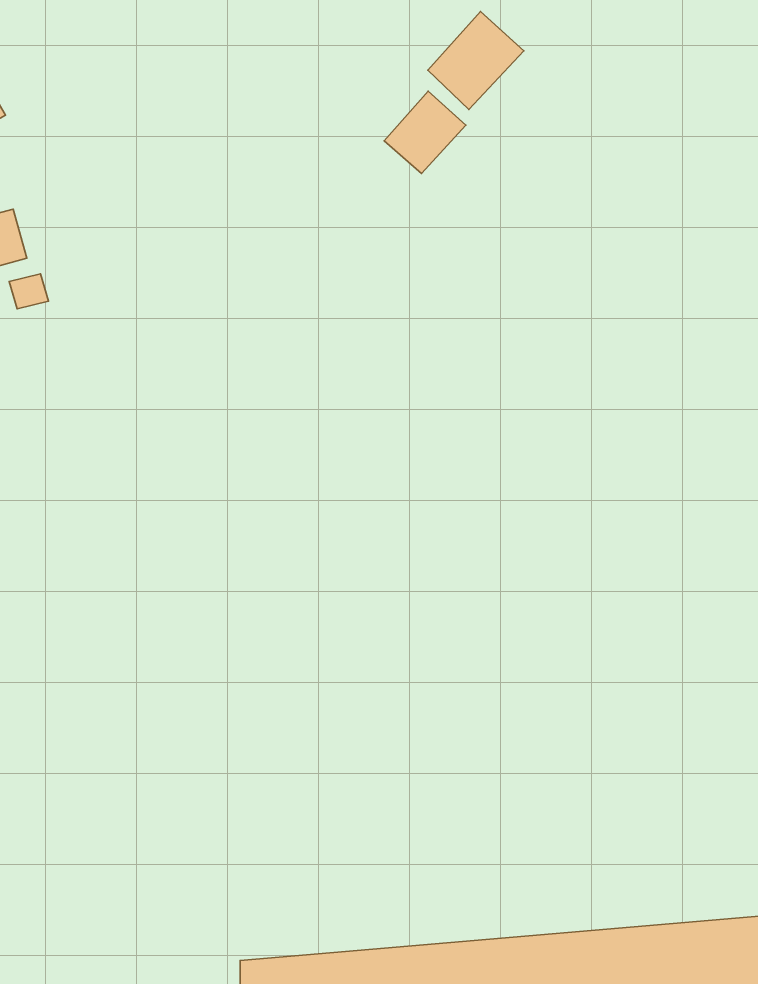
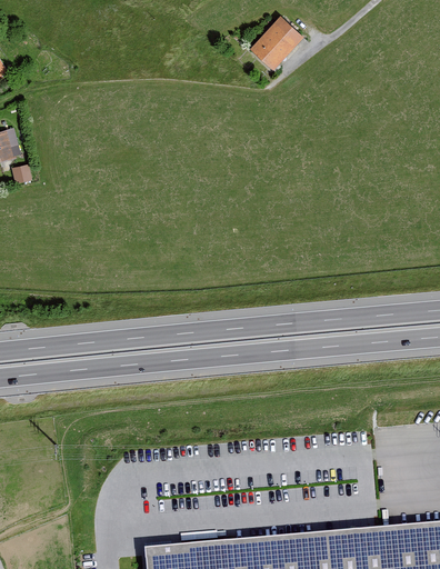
building: [384,91,466,173] -> none

